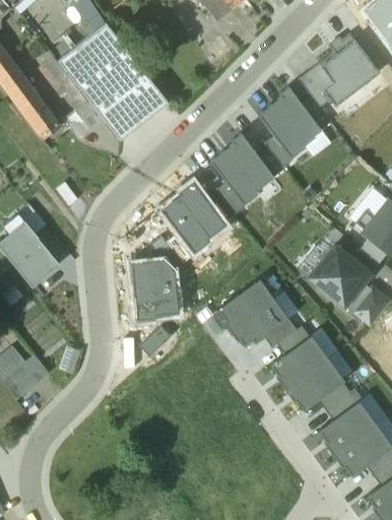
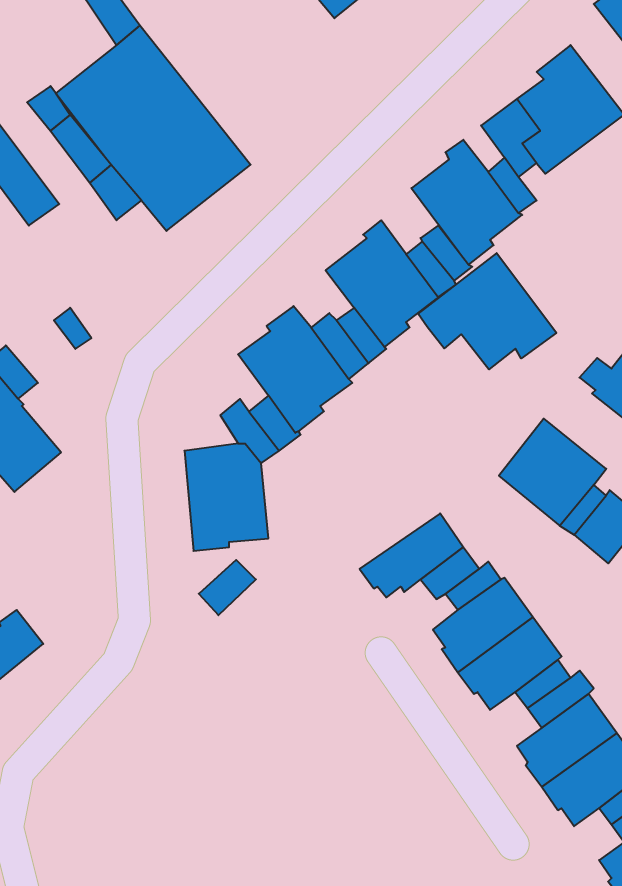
building: none -> [418,253,556,369]
building: [217,279,275,331] -> none

